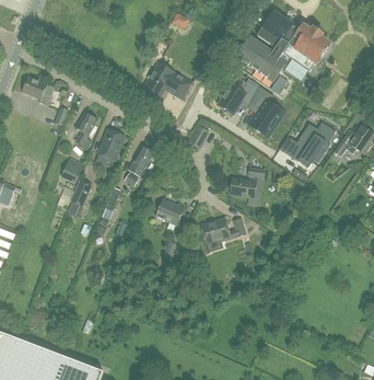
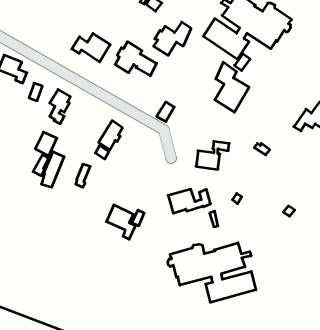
building: none -> [72,33,110,62]
building: [219,78,258,113] -> [154,22,191,55]
building: [288,122,335,168] -> none
building: [97,128,124,160] -> none
building: [154,198,185,234] -> [106,205,135,239]
building: none -> [168,243,256,302]

